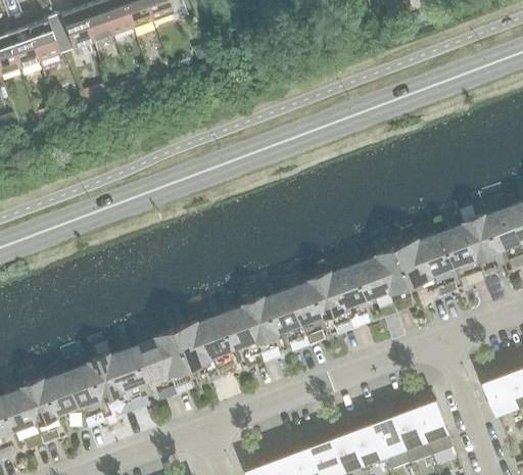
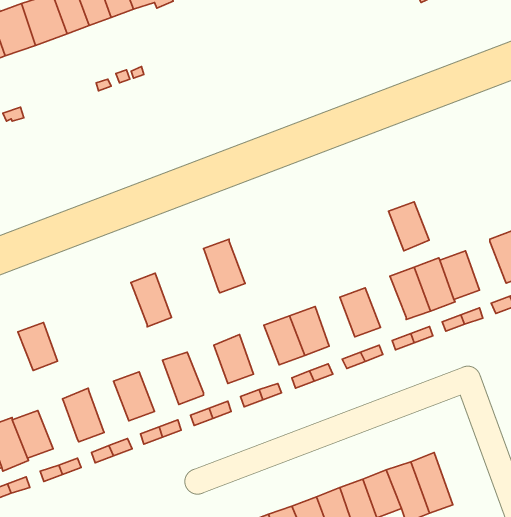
building: [441,225,476,268] -> none
building: [353,257,389,300] -> [389,202,429,251]
building: [308,272,345,319] -> none
building: [242,296,279,343] -> [203,239,245,293]
building: [198,316,233,358] -> none
building: [154,329,190,376] -> [131,273,172,327]
building: [111,347,146,390] -> none
building: [66,365,101,407] -> [18,323,57,370]
building: [414,401,451,456] -> none

